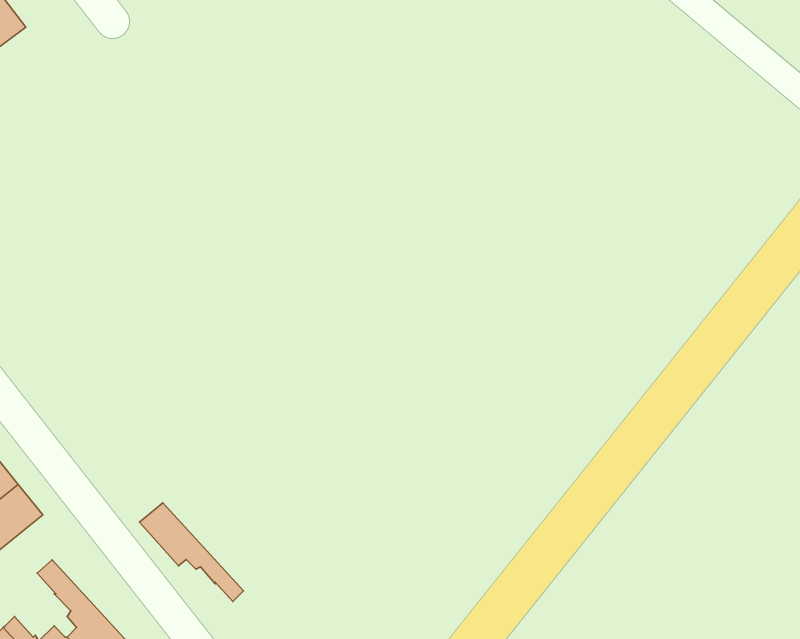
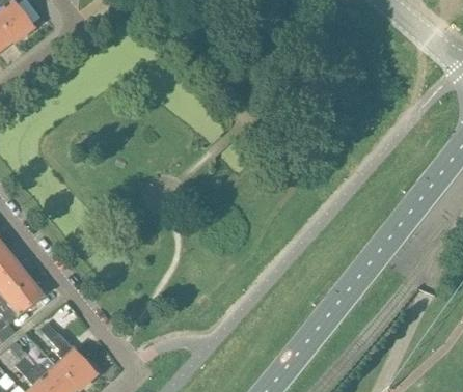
building: [140,503,244,601] -> none

